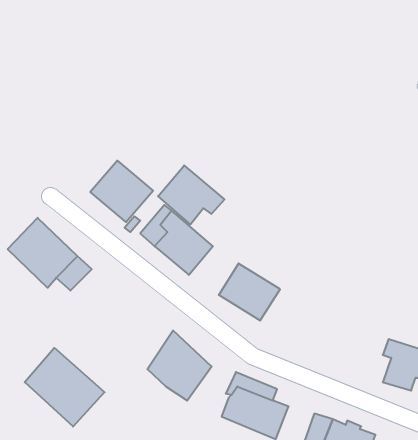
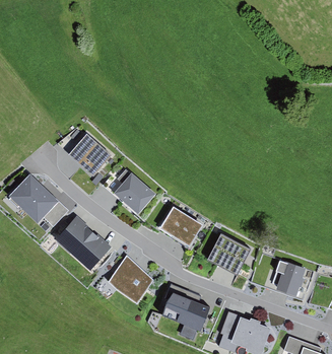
building: [158,165,224,224] -> none
building: none -> [206,231,250,273]
building: [25,348,105,427] -> [55,215,112,271]

